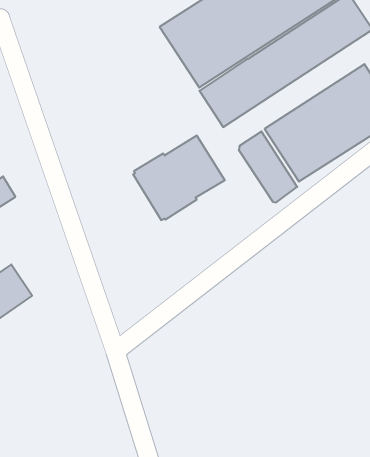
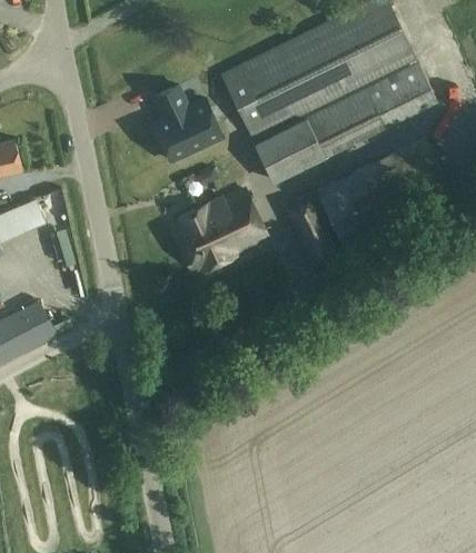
building: none -> [152,86,220,160]

